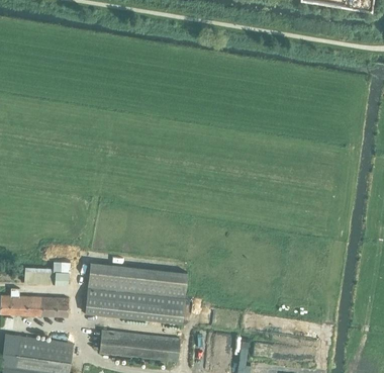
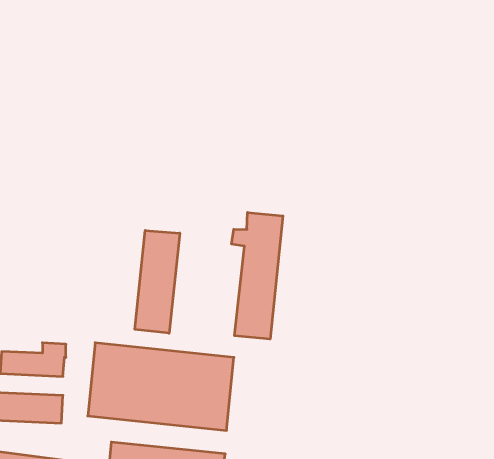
building: none -> [232,212,283,339]
building: none -> [135,230,180,333]

